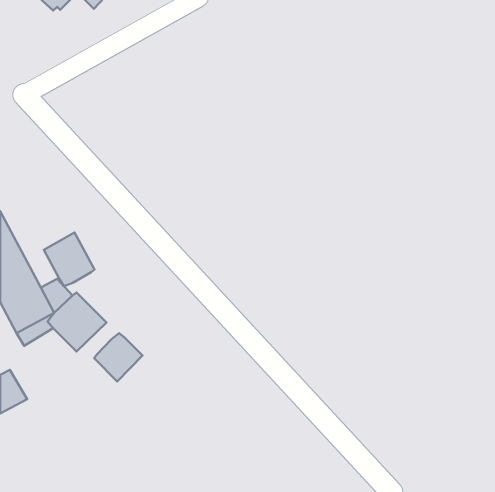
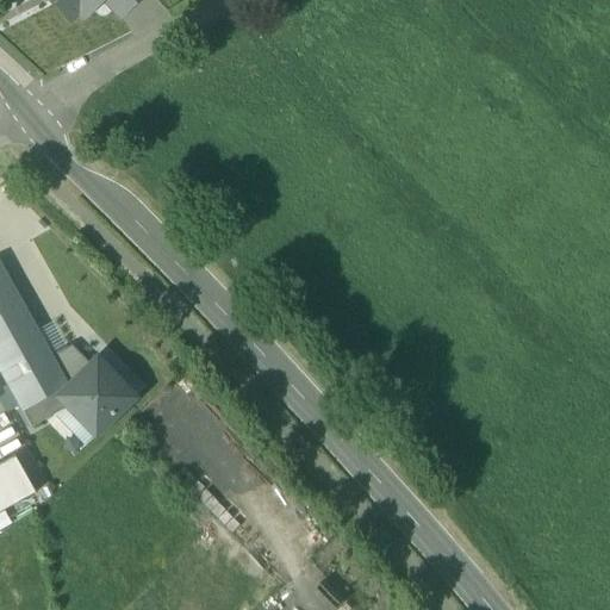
building: [44,232,95,286] -> none
building: [94,333,142,381] -> none

